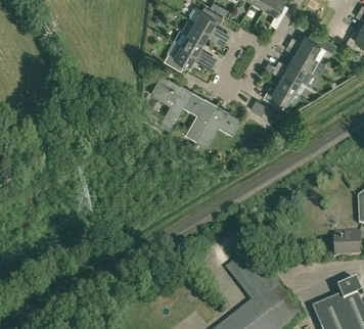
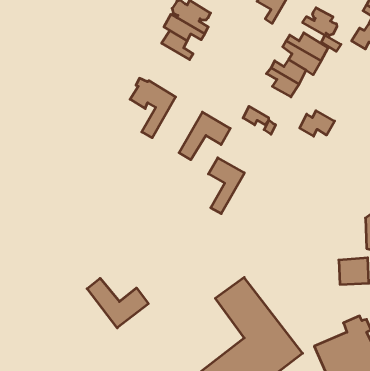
building: none -> [303,8,337,35]
building: [164,41,203,66] -> none
building: [262,79,292,101] -> [300,111,335,136]
building: [183,88,215,137] -> [208,158,244,214]
building: none -> [87,278,148,328]

